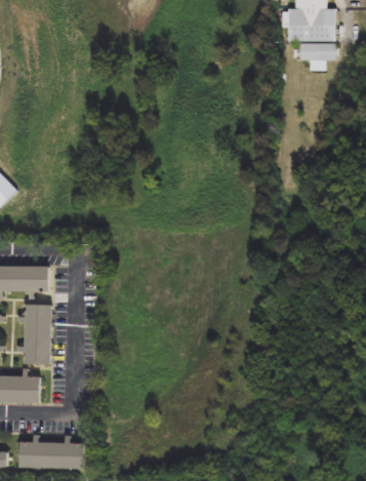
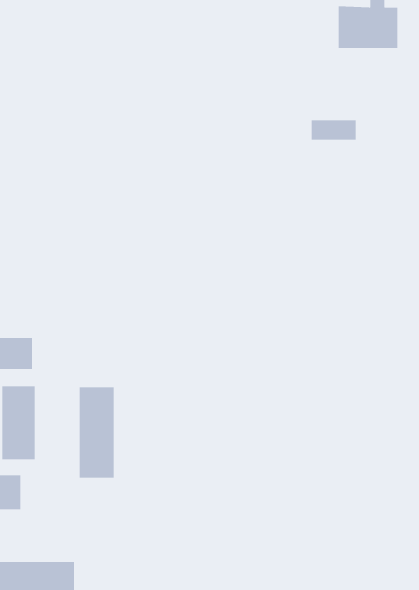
building: [299,43,335,59] -> [311,120,357,141]
building: none -> [79,387,115,478]

